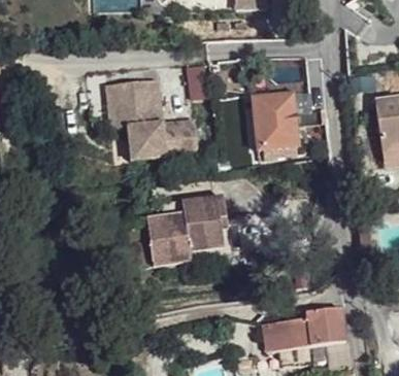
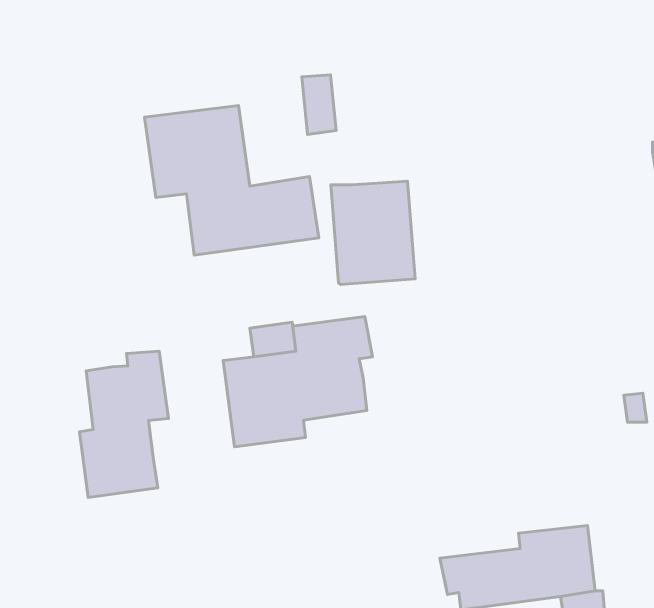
building: [252,92,297,147] -> [331,181,415,285]
building: none -> [79,351,169,498]

